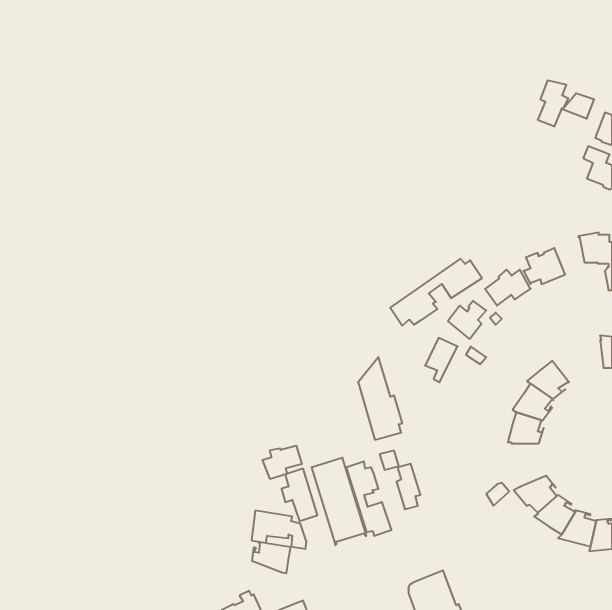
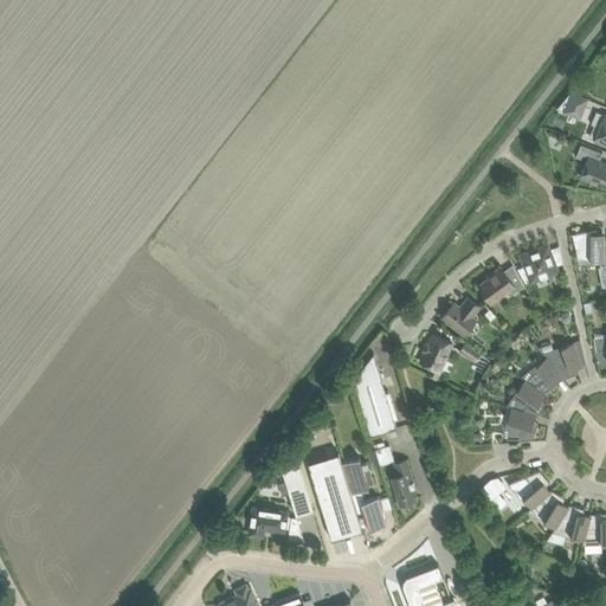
building: [538,80,568,127] -> none
building: [390,259,482,326] -> none
building: none -> [543,341,586,380]
building: [262,446,302,479] -> none
building: [252,542,291,573] -> none

